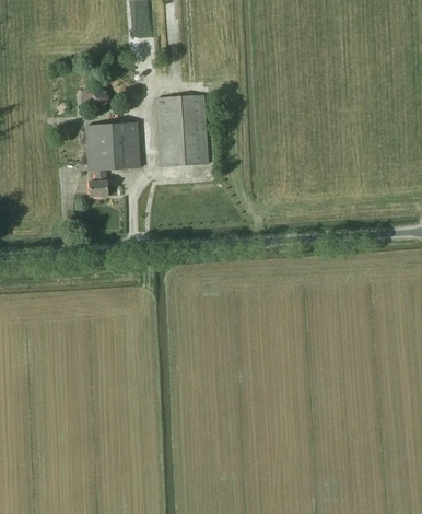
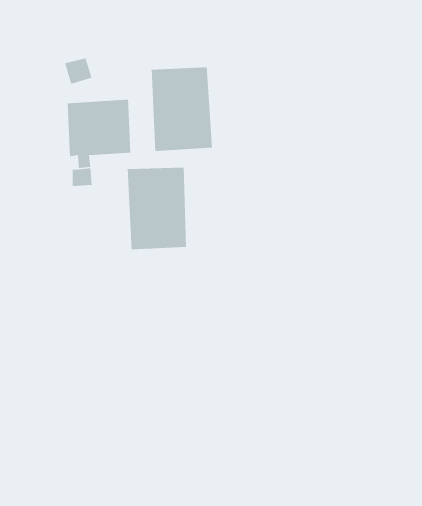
building: none -> [127,167,187,250]

